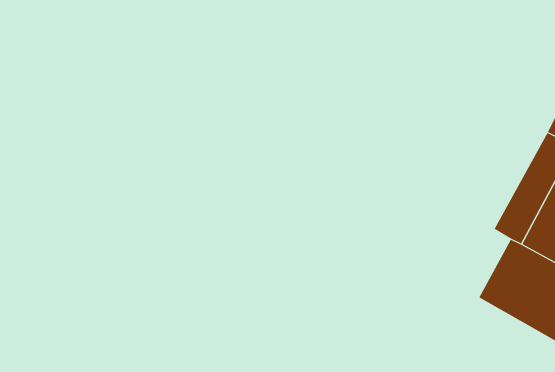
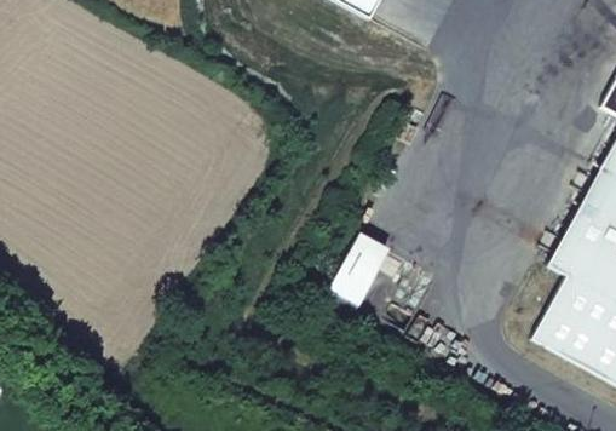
building: none -> [332,232,390,303]

